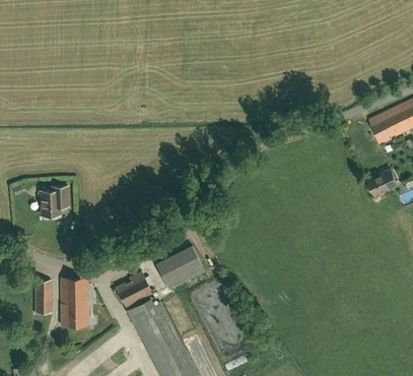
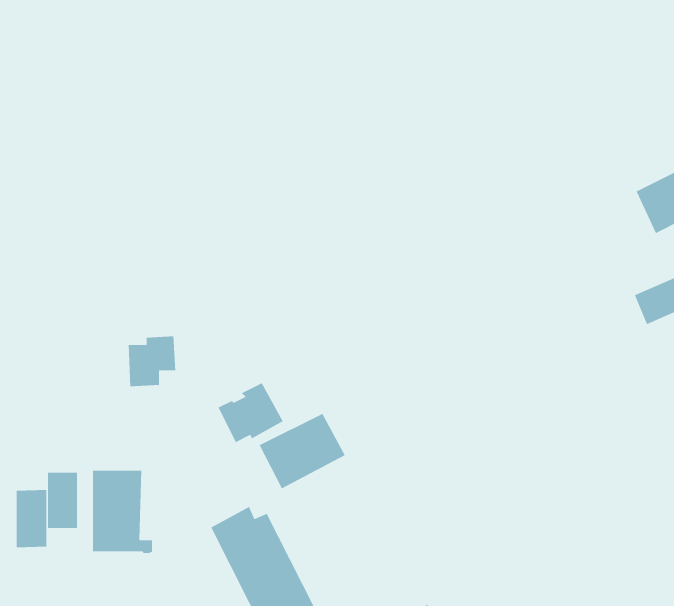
building: [41,187,68,216] -> [128,335,176,387]
building: [115,272,152,307] -> [218,382,284,443]
building: none -> [16,489,47,548]

